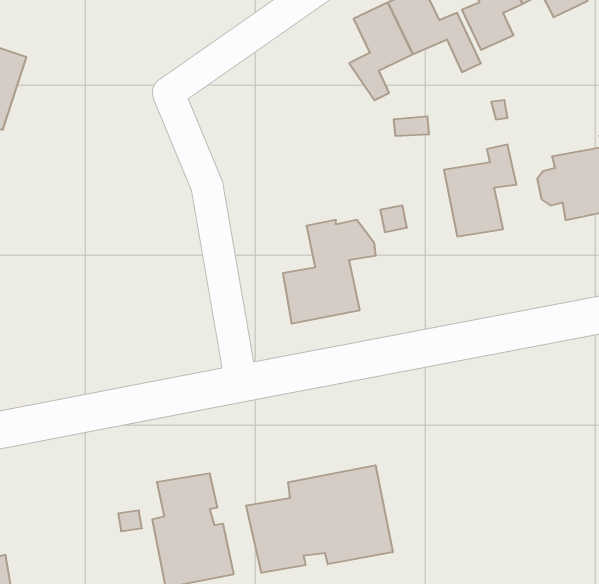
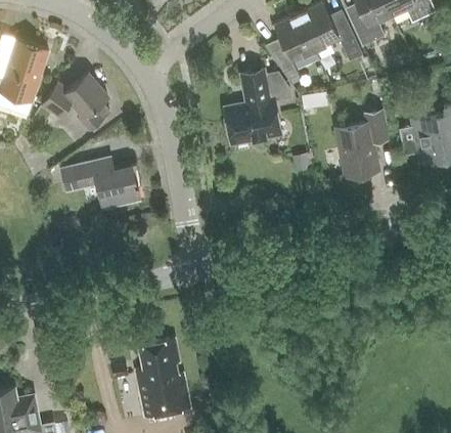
building: none -> [42,74,110,132]
building: none -> [61,160,139,207]
building: [283,220,376,324] -> [226,72,290,143]
building: [246,465,393,573] -> none

